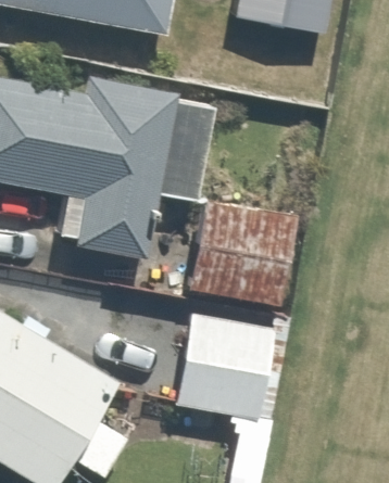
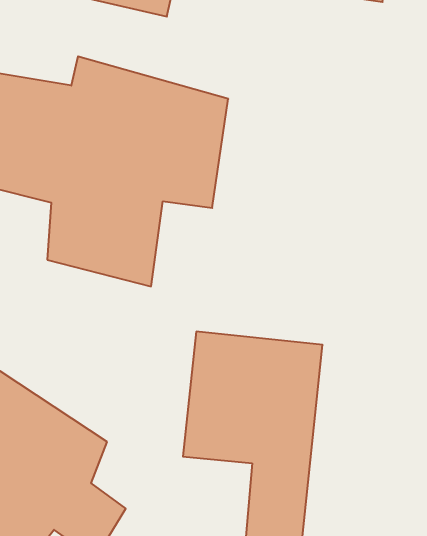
building: [192,191,299,295] -> none

